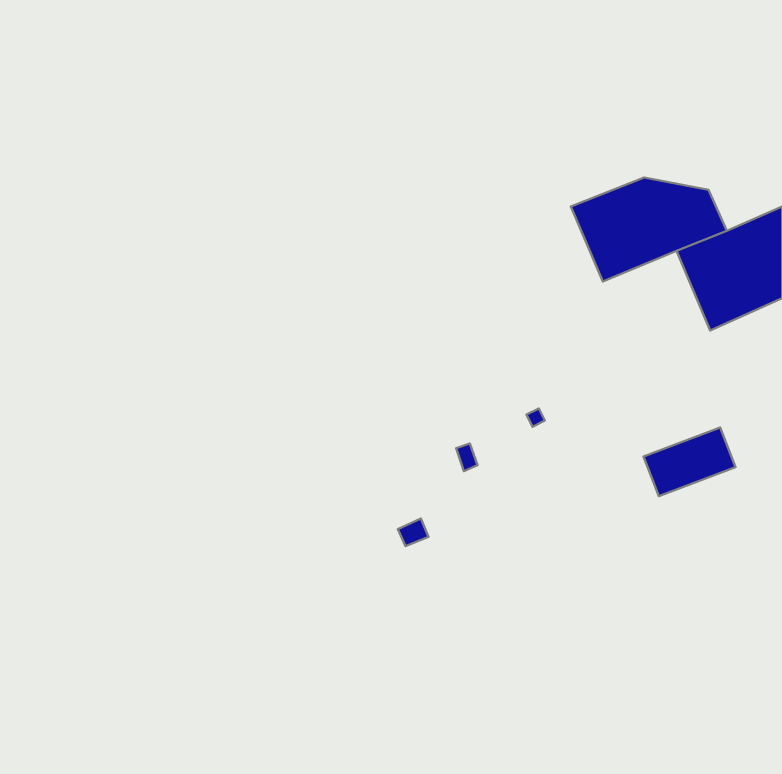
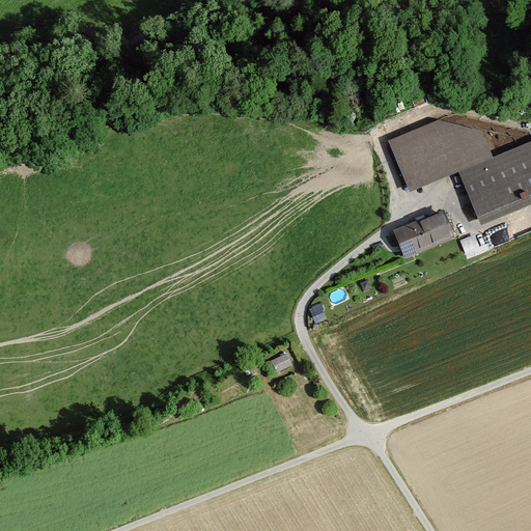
building: [644,427,735,496] -> [392,208,454,255]

